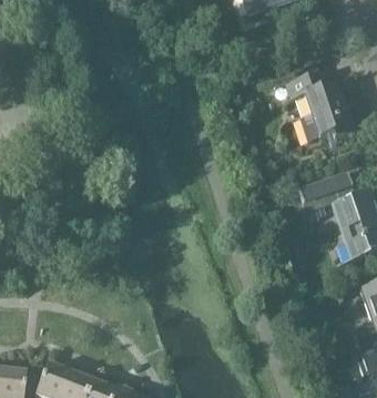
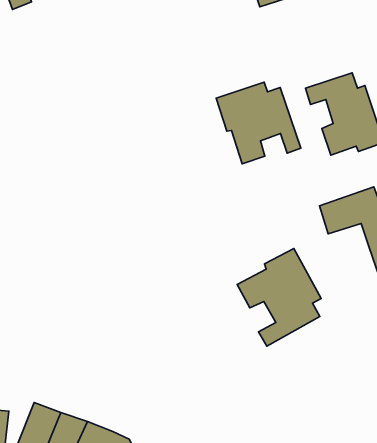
building: none -> [216,82,301,164]
building: none -> [237,248,321,346]

